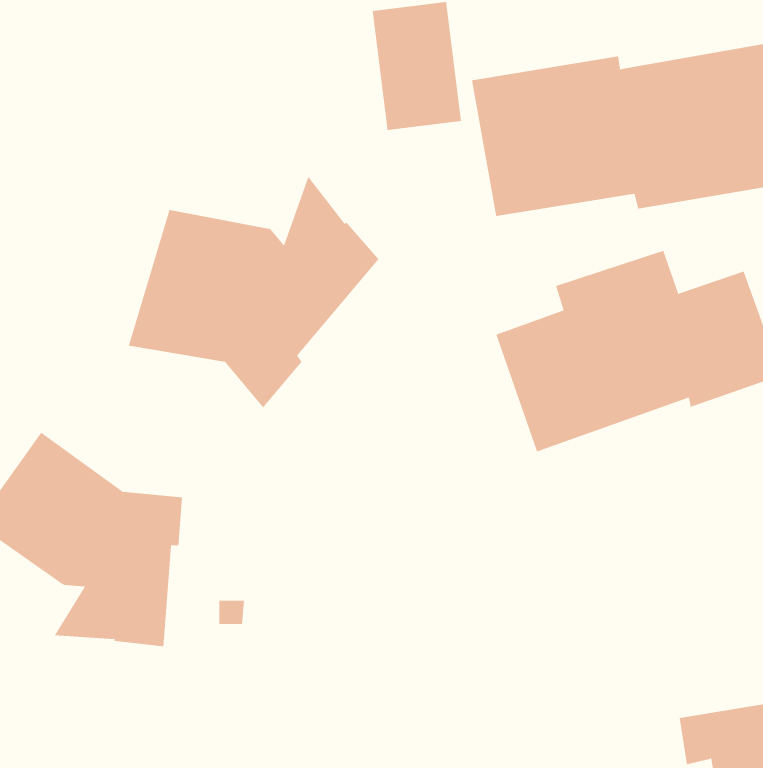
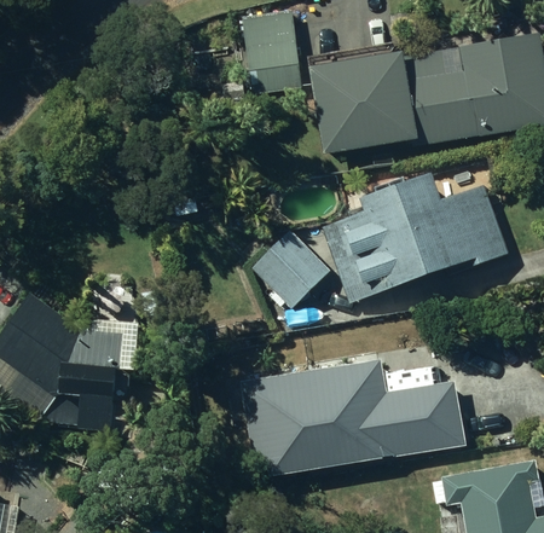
building: [128,176,379,408] -> none
building: none -> [251,231,330,309]
building: none -> [241,358,465,475]

